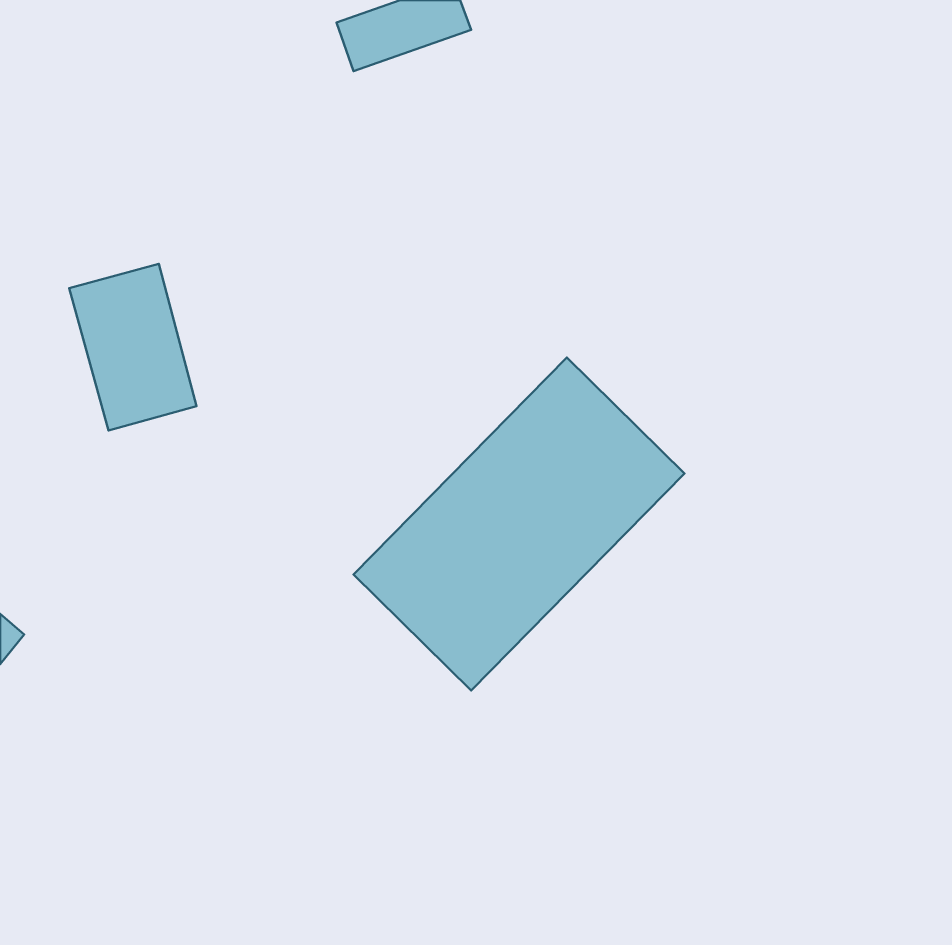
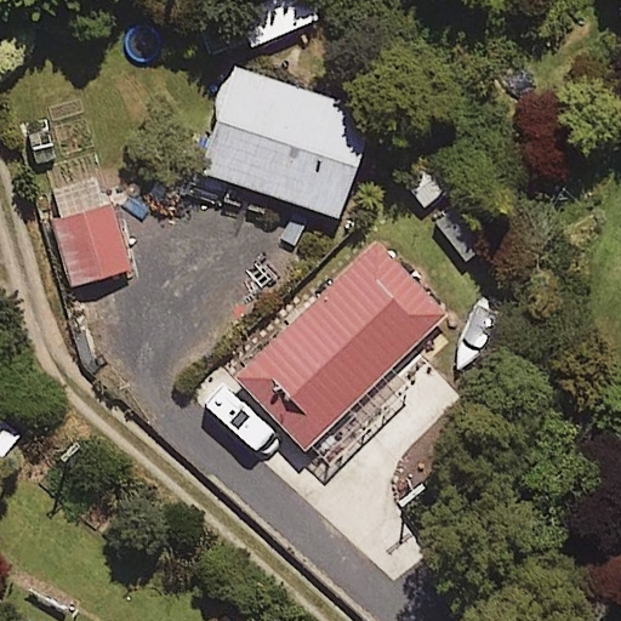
building: none -> [196,65,372,217]

